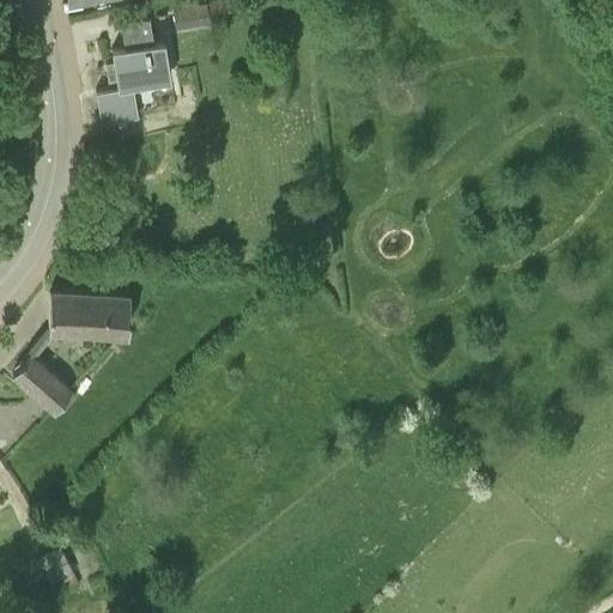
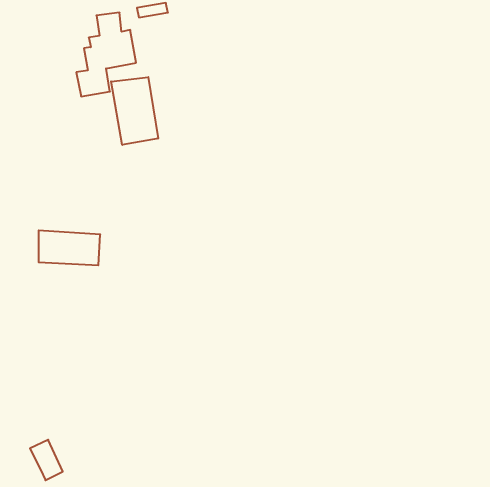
building: none -> [111,77,158,145]
building: [16,359,69,413] -> none

